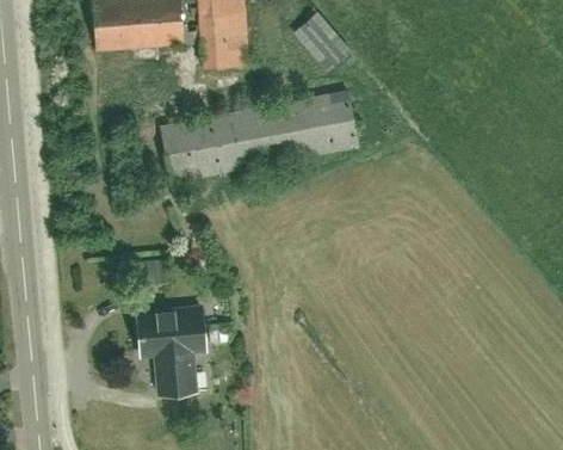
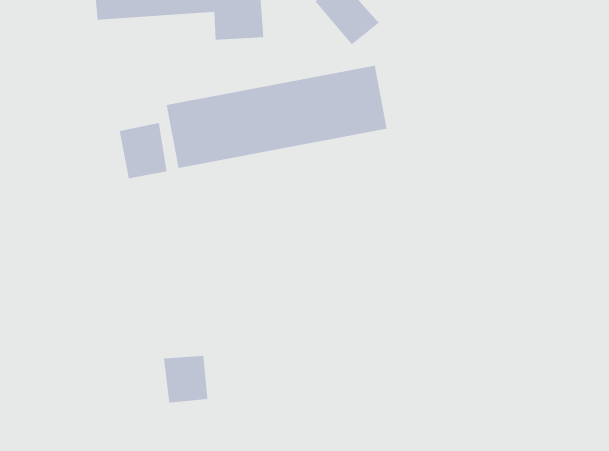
building: none -> [119,122,167,179]
building: [138,308,206,356] -> none

